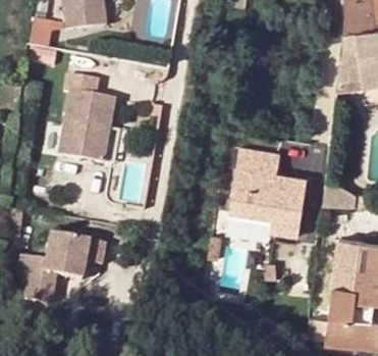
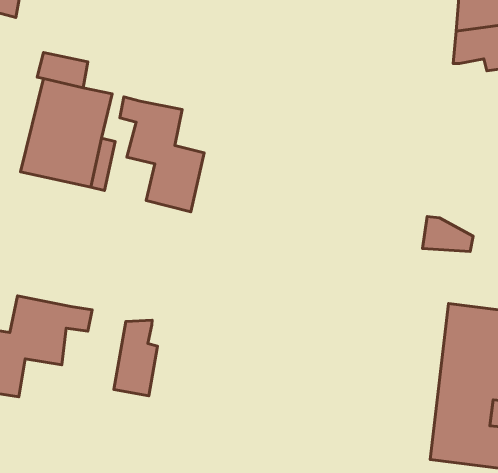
building: none -> [120,97,204,212]
building: [227,150,306,239] -> none
building: none -> [114,320,158,396]

